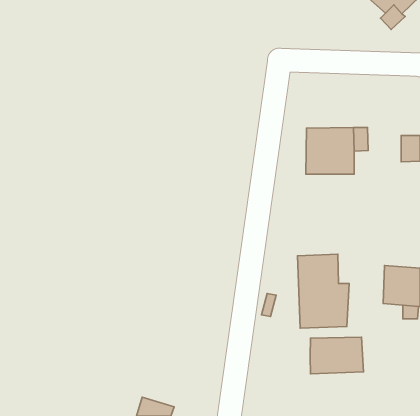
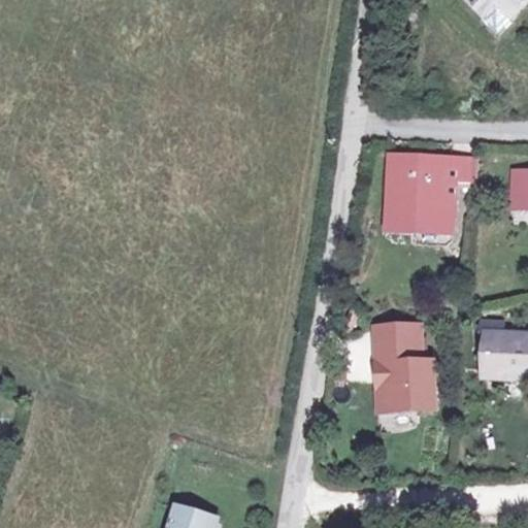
building: [310,337,364,374] -> none

